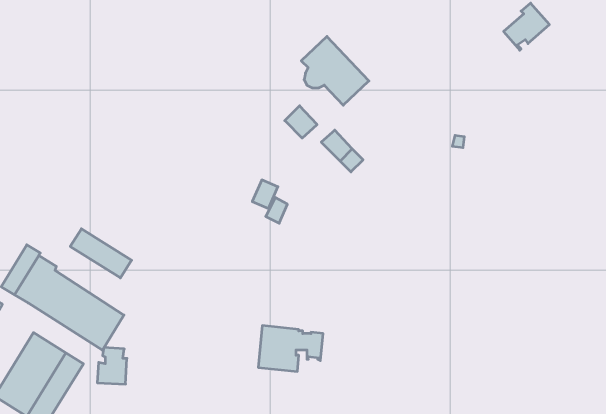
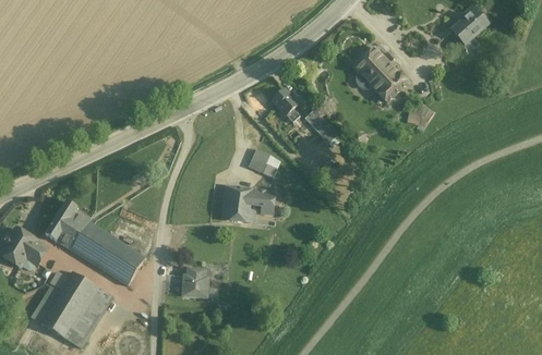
building: [301,36,369,105] -> [352,45,407,100]
building: [70,229,132,278] -> none
building: [258,326,323,371] -> [221,184,274,221]
building: [97,348,127,384] -> [182,267,206,296]

